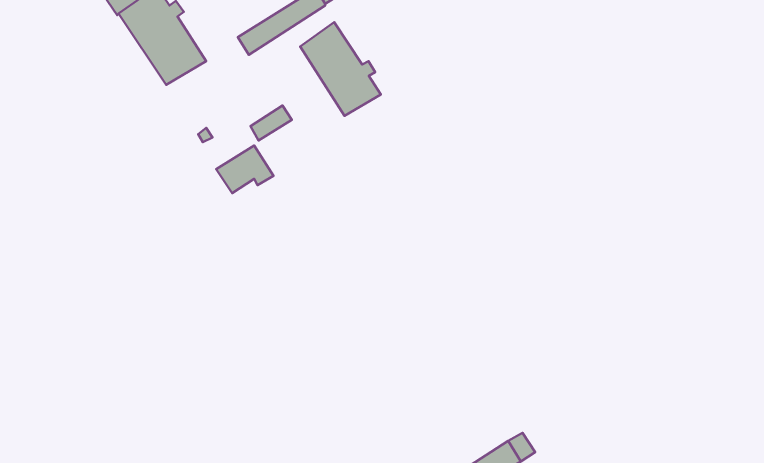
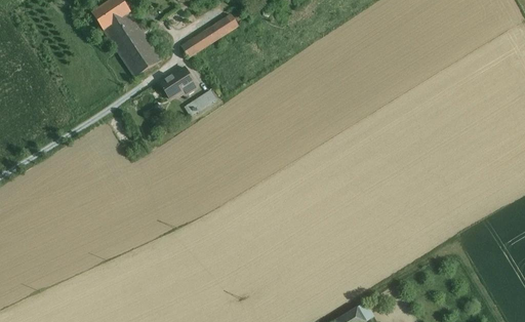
building: [300,22,381,116] -> none
building: [216,145,273,193] -> [159,67,196,97]

